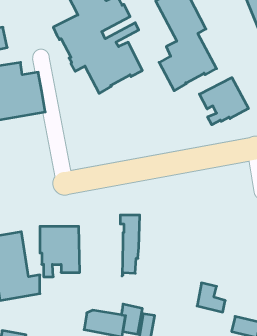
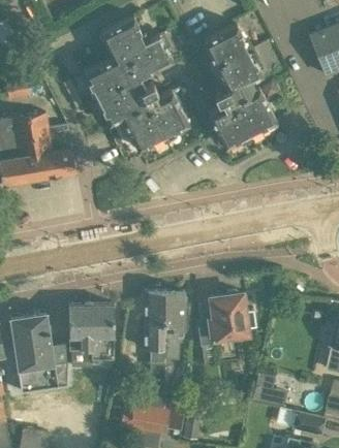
building: [199,78,248,125] -> none
building: none -> [144,292,166,363]
building: none -> [198,294,256,347]

